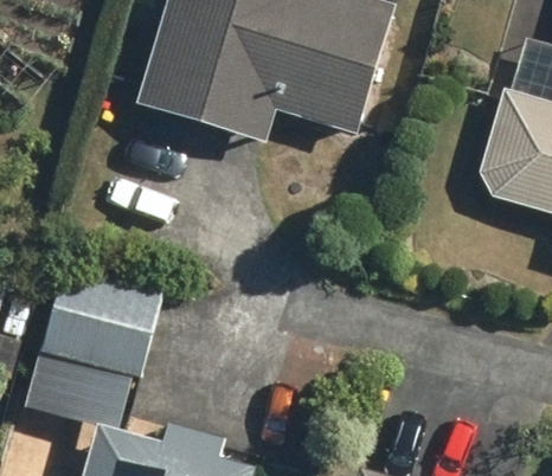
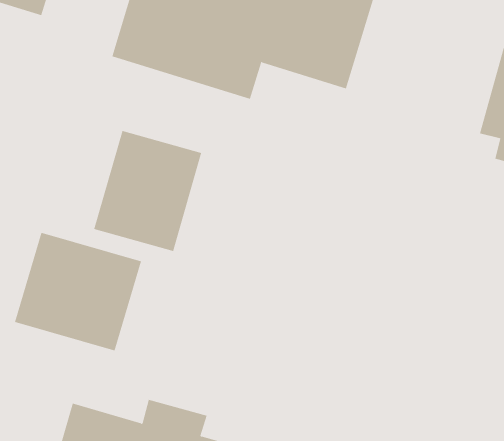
building: none -> [94,130,202,252]

